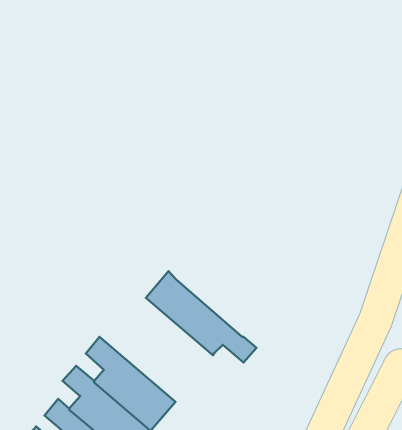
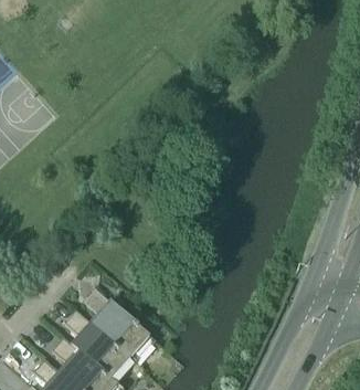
building: [146,271,256,363] -> none

